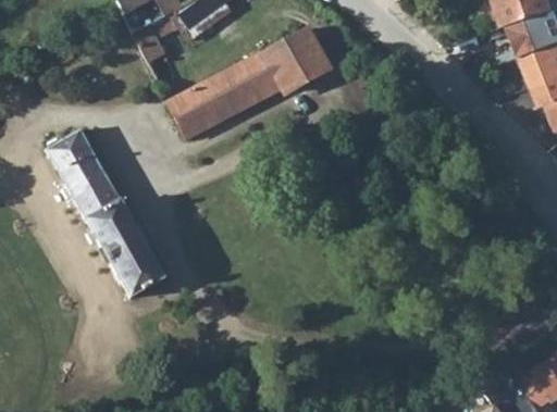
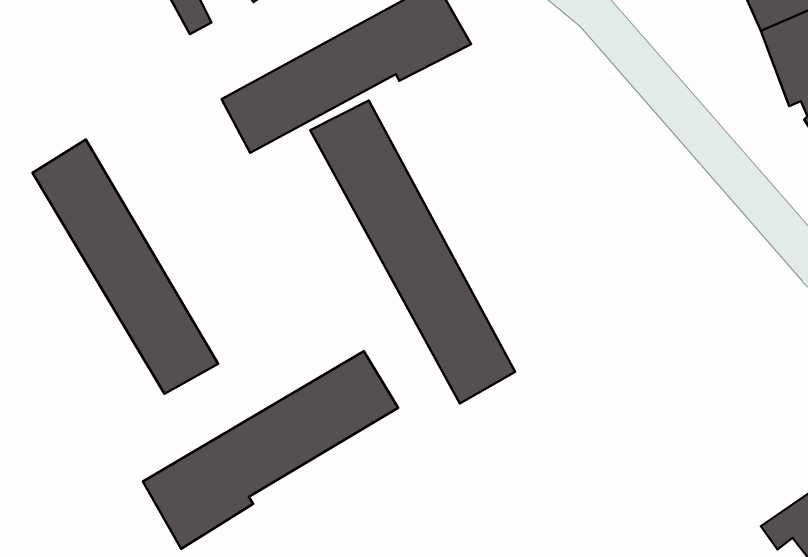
building: none -> [310,100,515,404]
building: none -> [143,351,398,549]

